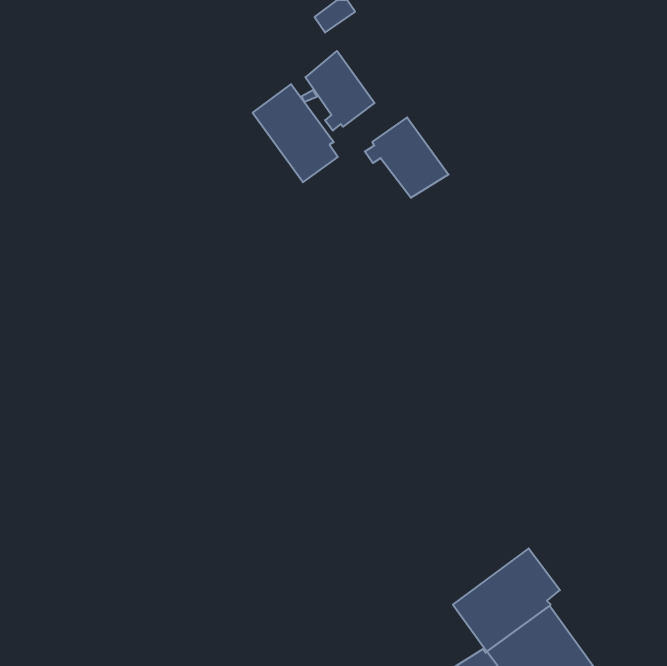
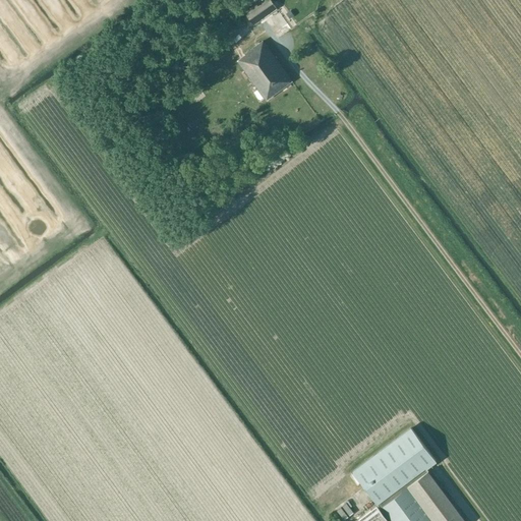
building: [253,84,338,182] -> none
building: [365,117,449,198] -> none

